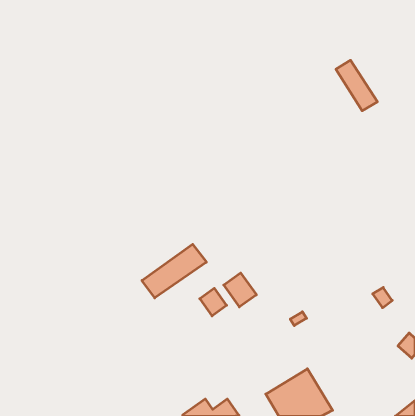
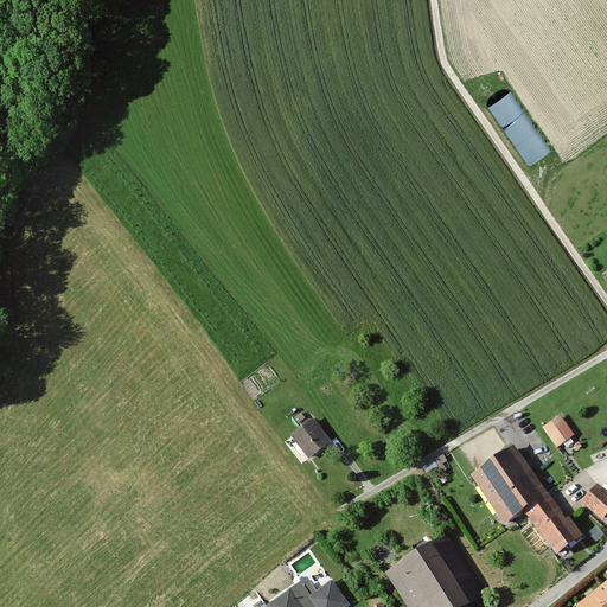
building: [142,244,206,298] -> none
building: [224,273,256,307] -> none
building: none -> [471,447,583,557]

